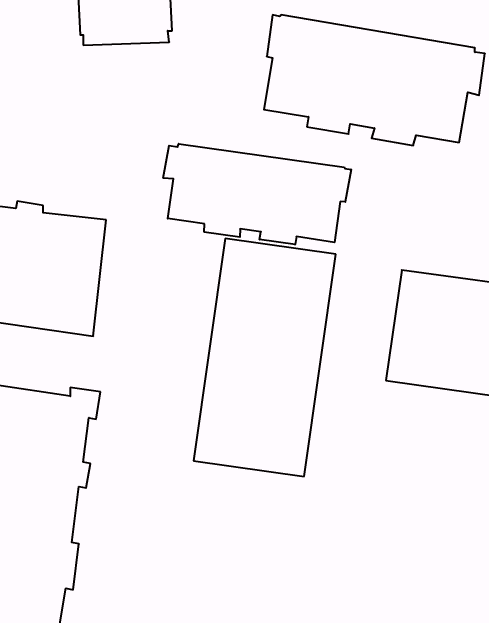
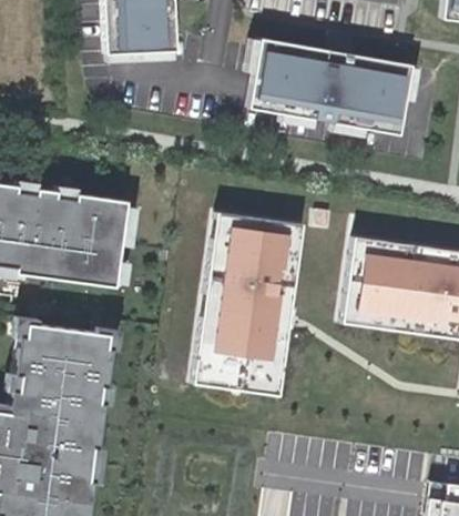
building: [163,144,351,245] -> none

